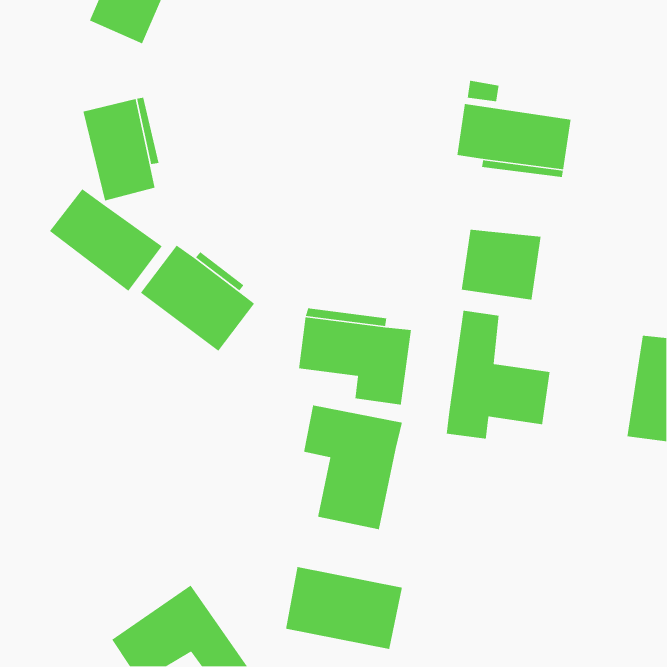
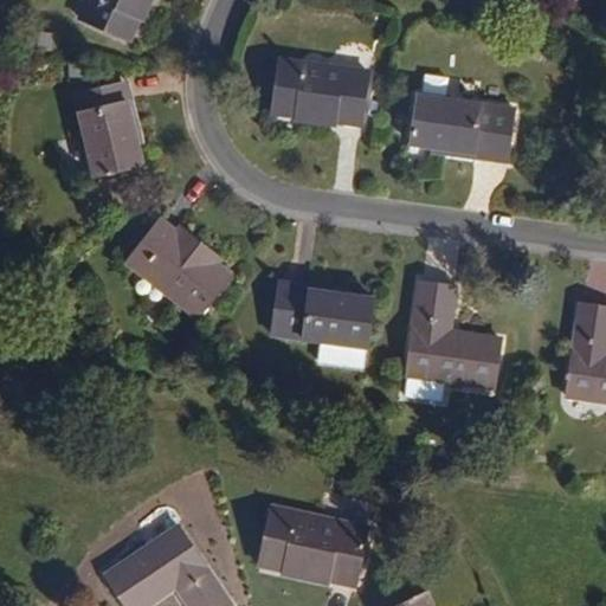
building: none -> [273,57,369,120]
building: [49,188,163,292] -> none
building: [461,229,541,301] -> none
building: [303,404,403,530] -> none

